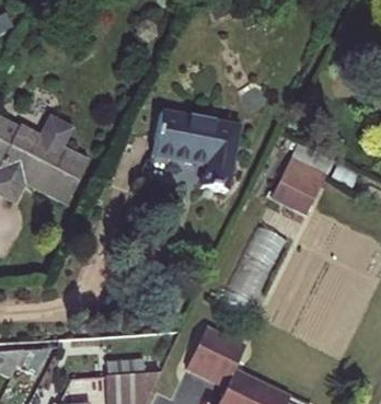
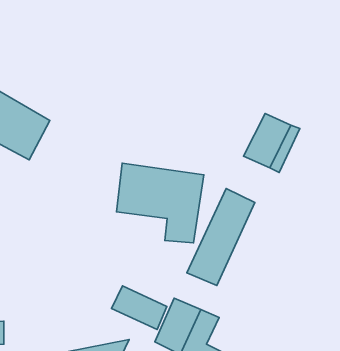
building: [152,115,235,191] -> [116,163,204,243]
building: none -> [111,286,167,330]

